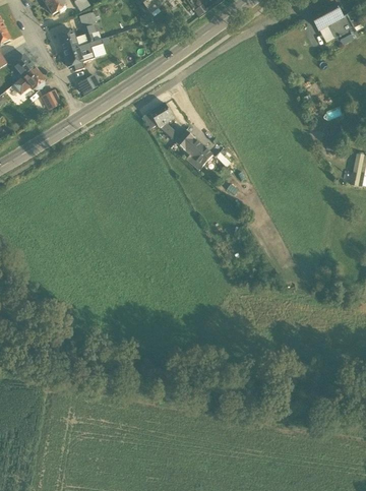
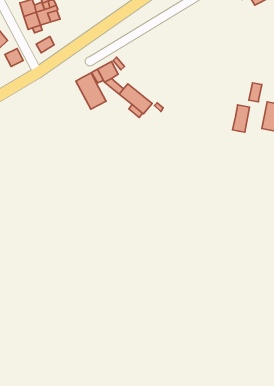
building: none -> [76,73,106,109]
building: none -> [233,105,250,132]

